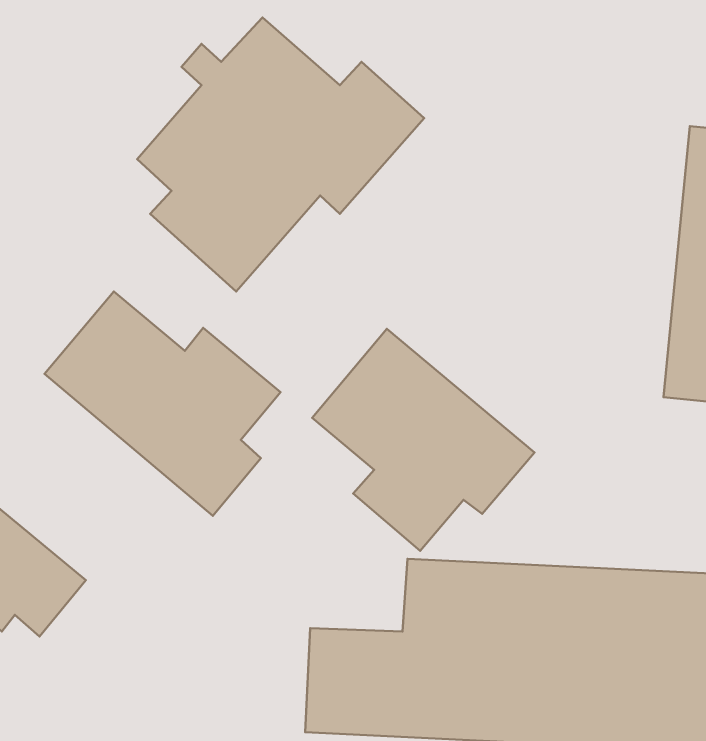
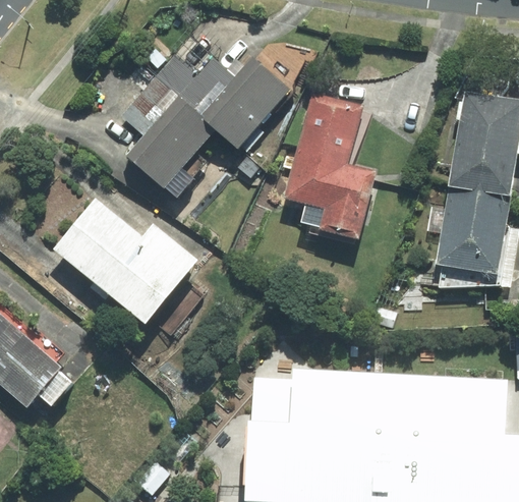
building: none -> [287,107,378,243]
building: [312,329,534,551] -> none

